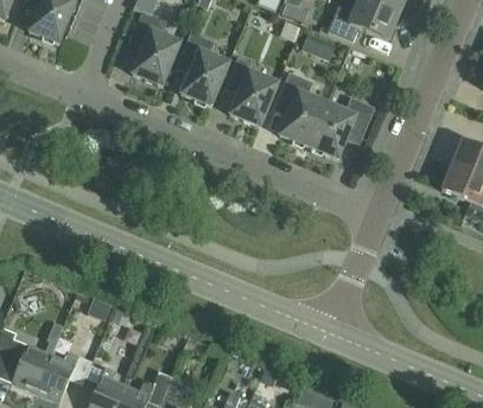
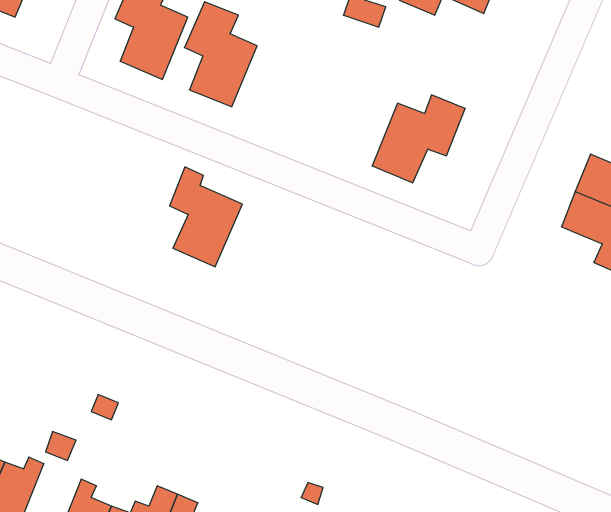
building: [227,56,278,126] -> [170,167,242,267]
building: [275,71,326,146] -> none

